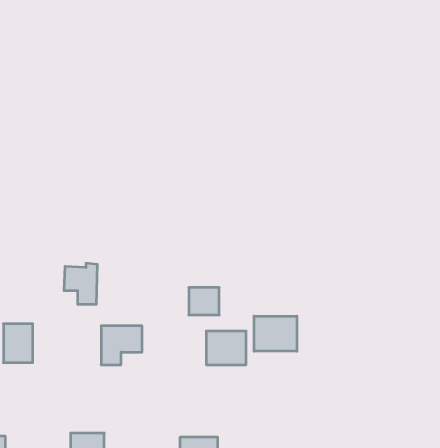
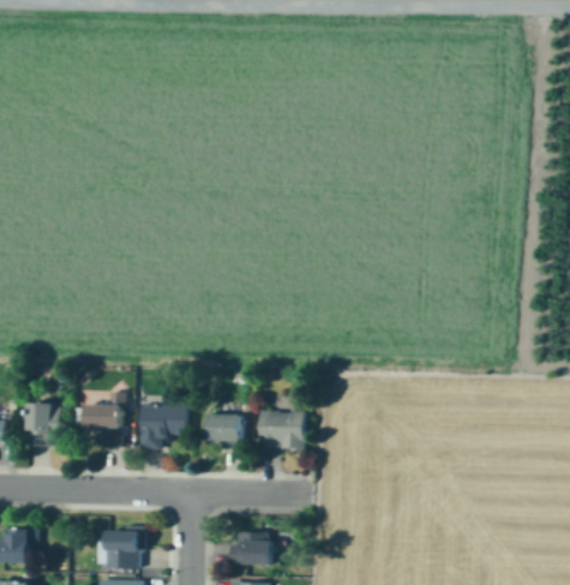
building: [64,263,97,304] -> [84,399,122,446]
building: [189,288,219,315] -> [206,412,241,444]
building: [254,316,297,351] -> none

